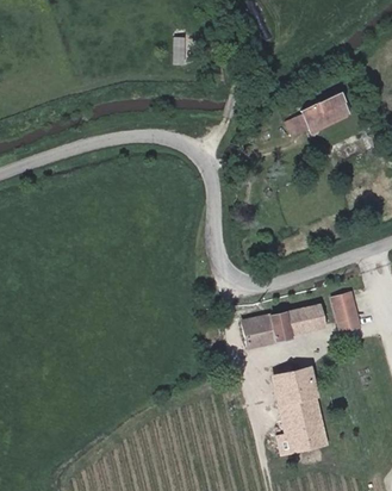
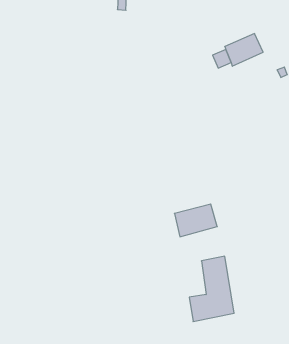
building: [331,290,361,328] -> none
building: [288,300,330,337] -> none

